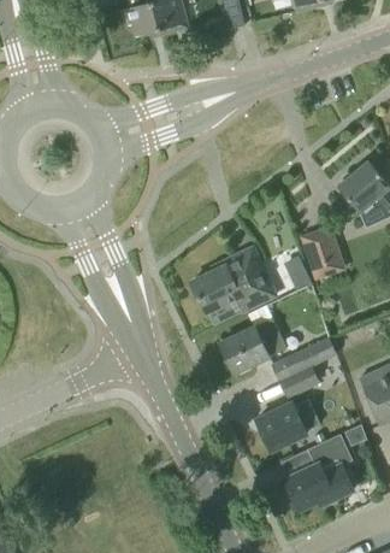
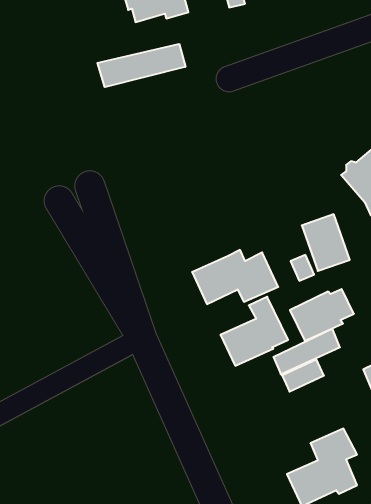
building: none -> [97,44,185,87]
building: [256,400,319,451] -> [290,289,354,341]

